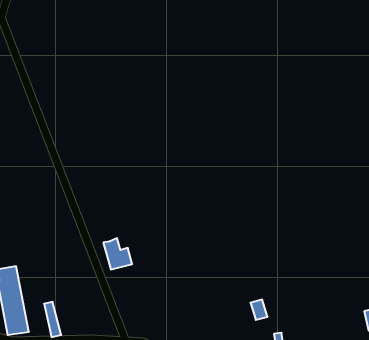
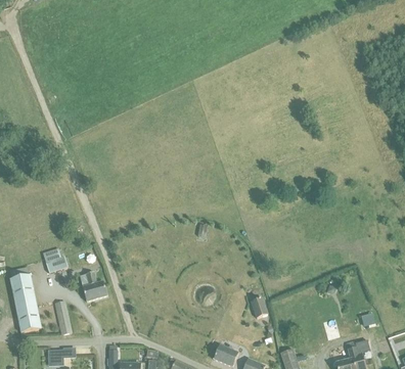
building: [103,238,132,269] -> [79,271,106,301]
building: none -> [43,247,68,272]

